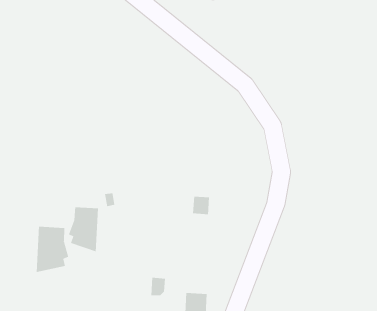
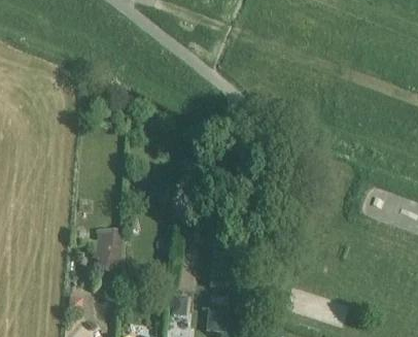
building: [36,226,69,273] -> none

